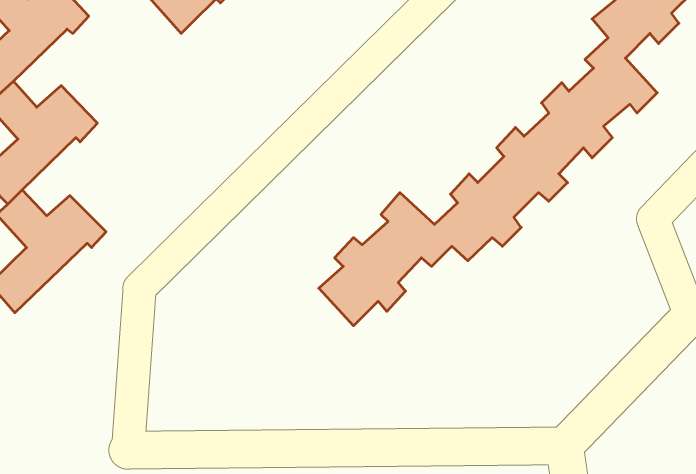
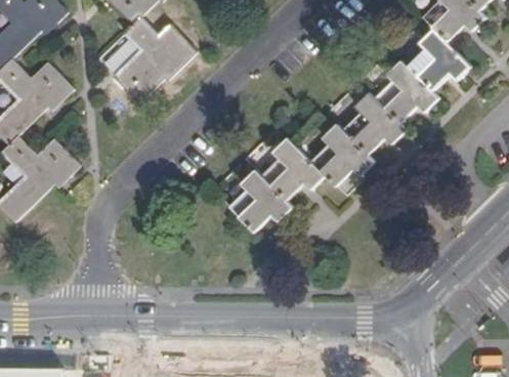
building: none -> [114,17,195,102]

